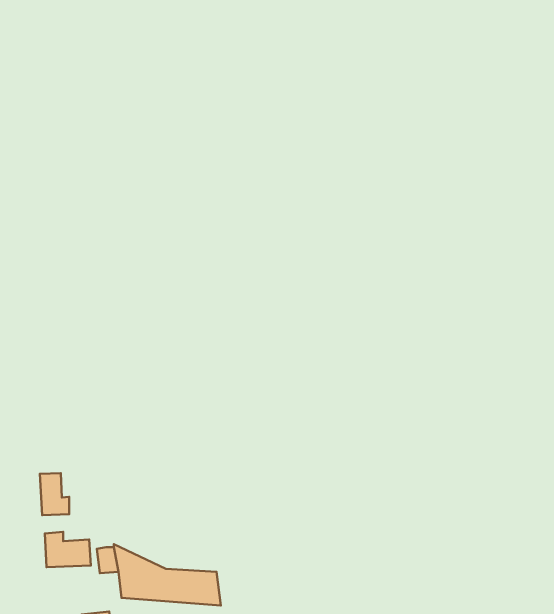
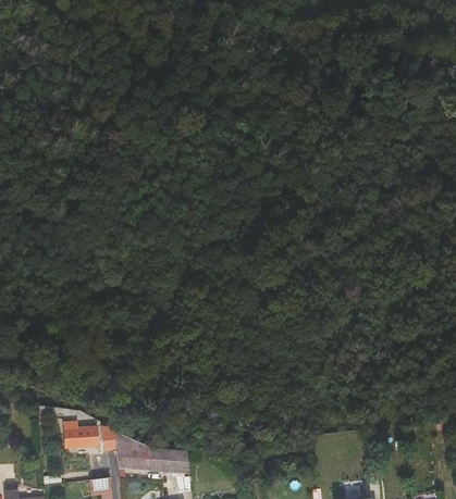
building: [40,473,69,515] -> none

